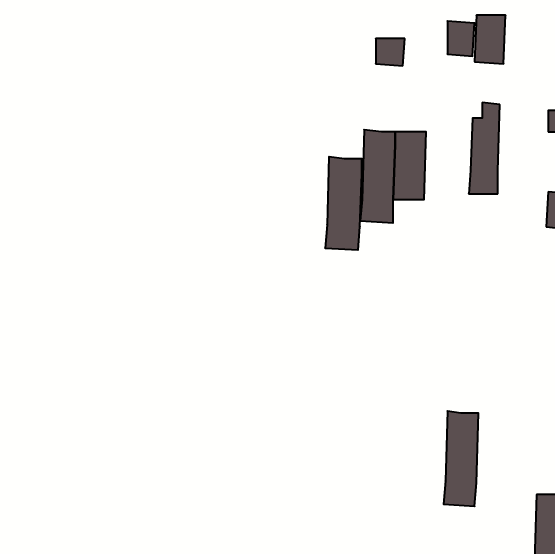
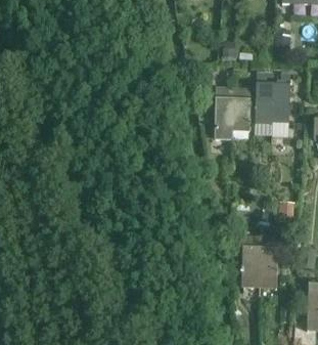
building: [325,157,362,250] -> [254,76,273,125]
building: none -> [242,239,260,276]

